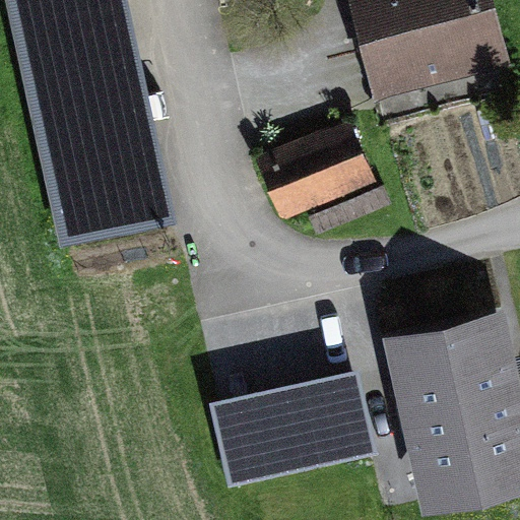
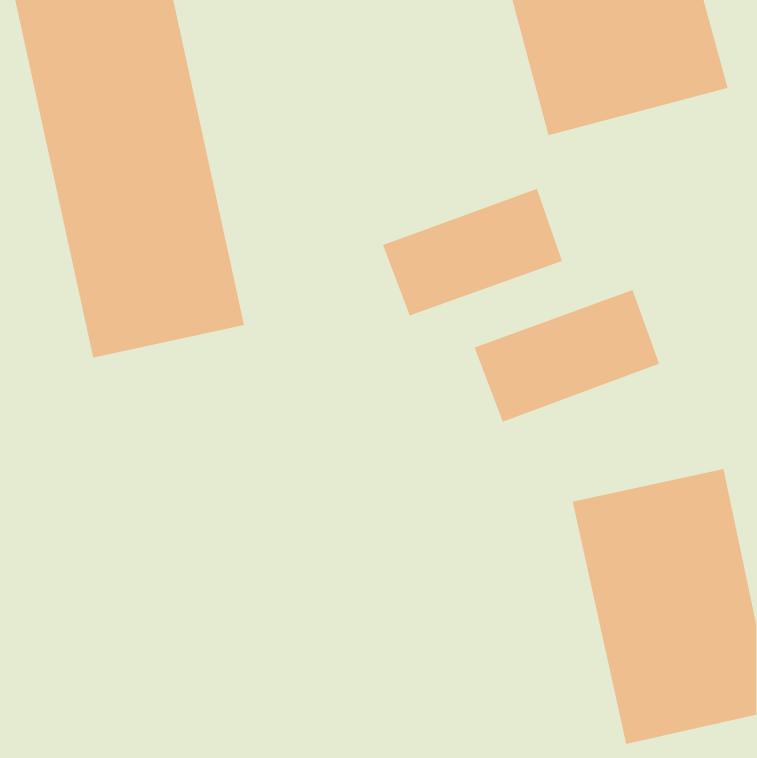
building: none -> [474,289,660,423]
building: [212,376,370,486] -> none

